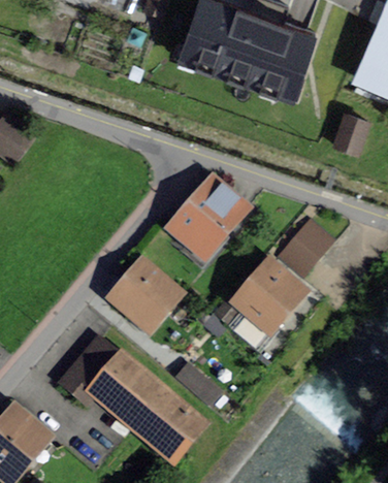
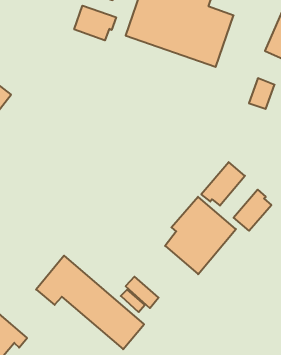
building: none -> [74,6,116,40]
building: [172,182,245,256] -> none
building: none -> [234,190,271,231]
building: [114,264,179,328] -> none

